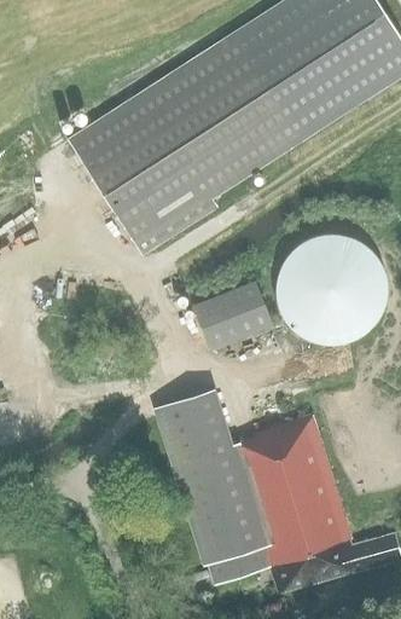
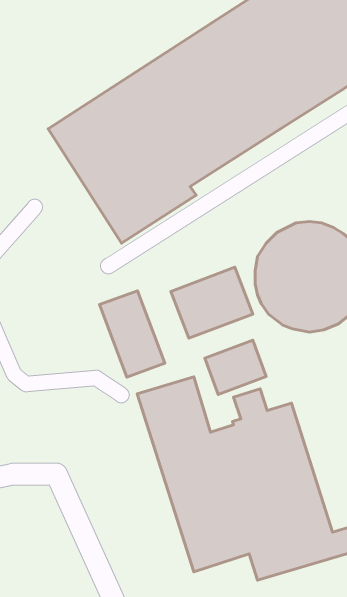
building: none -> [99,291,165,377]
building: none -> [205,340,266,395]

